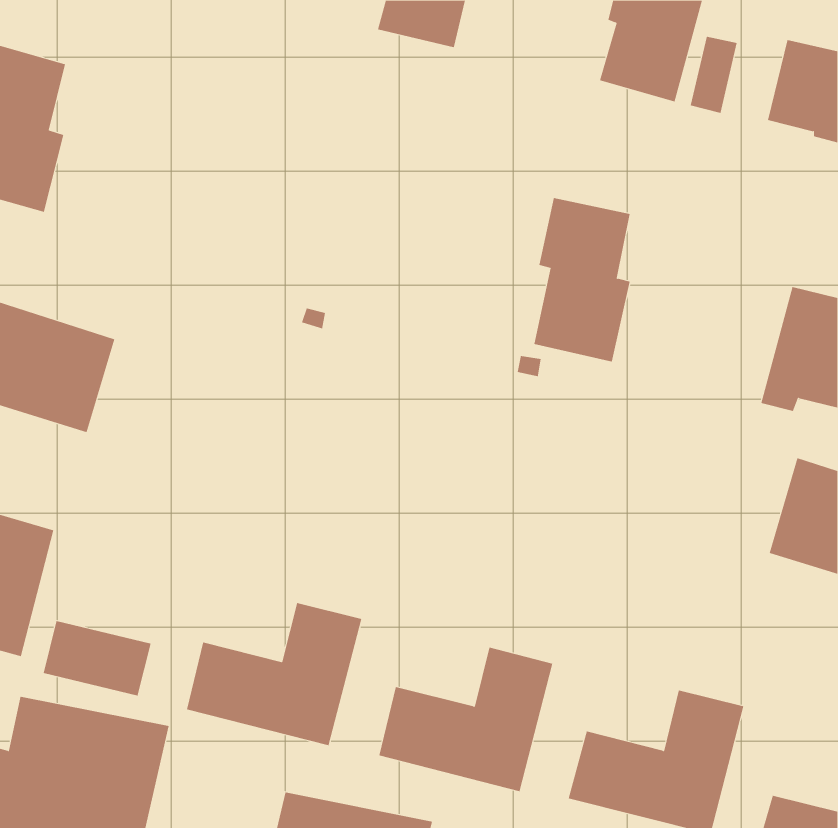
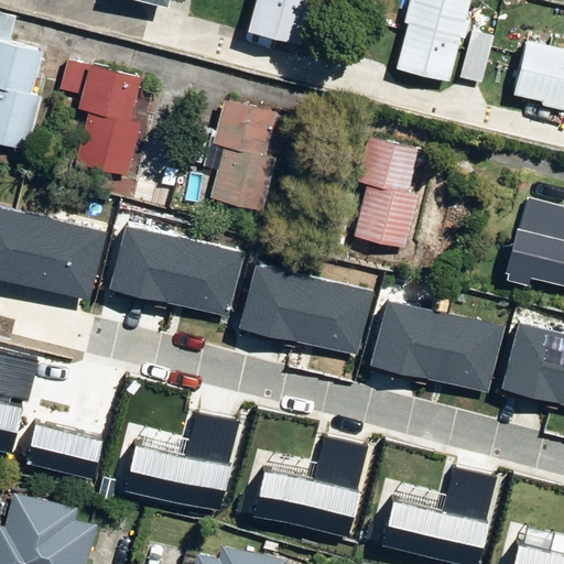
building: none -> [61,58,142,177]
building: none -> [188,102,278,213]
building: none -> [87,221,220,319]
building: none -> [234,262,367,360]
building: none -> [388,299,522,397]

